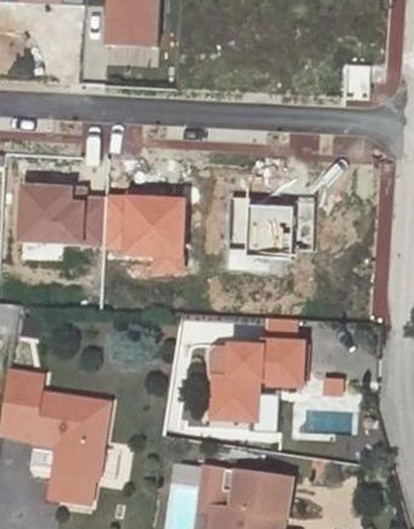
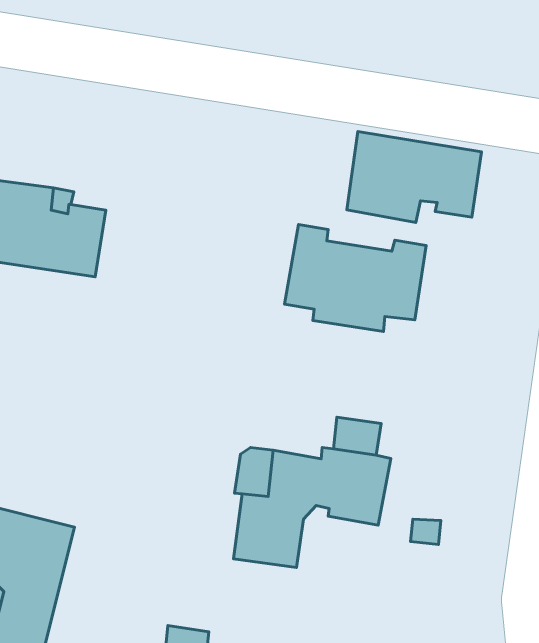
building: none -> [347,131,482,222]
building: [103,196,184,270] -> none

